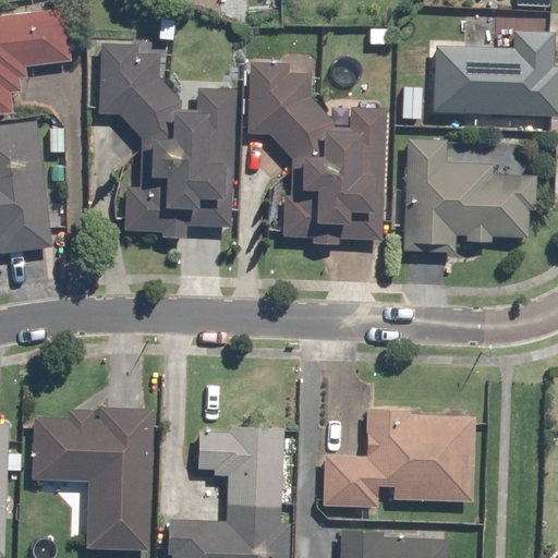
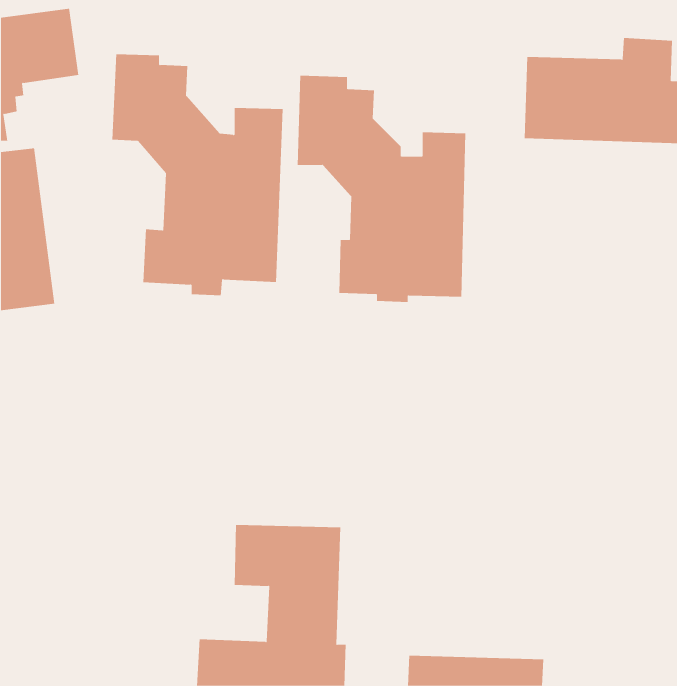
building: [403,137,537,253] -> none
building: [31,407,154,550] -> none
building: [322,407,476,510] -> none

